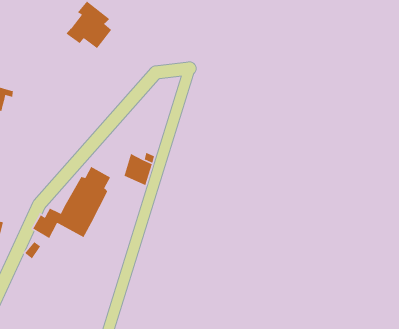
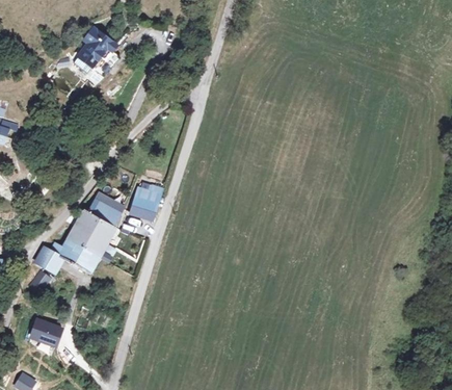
building: none -> [27,318,59,344]

